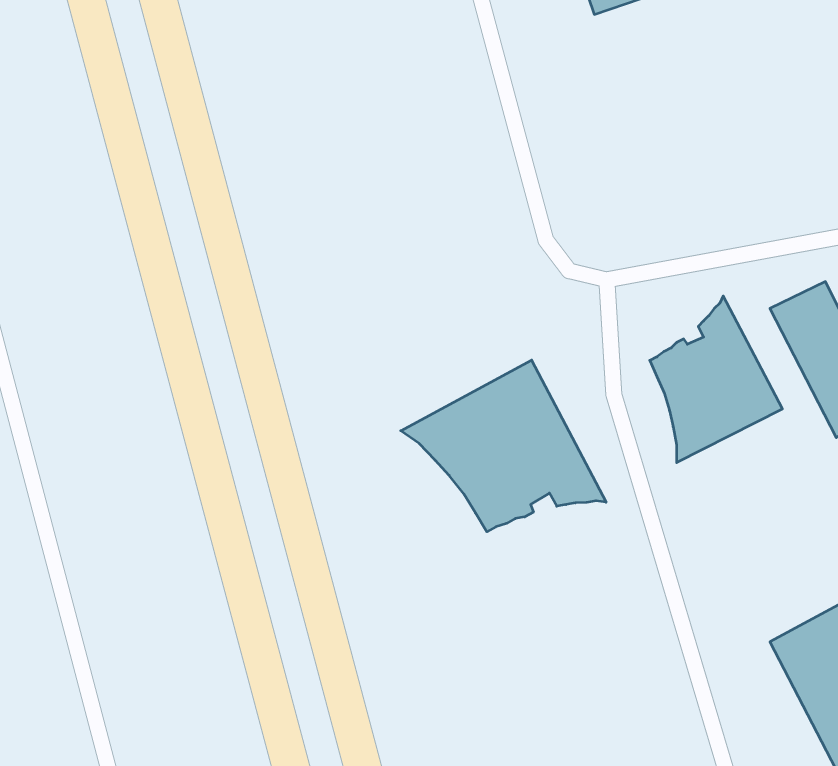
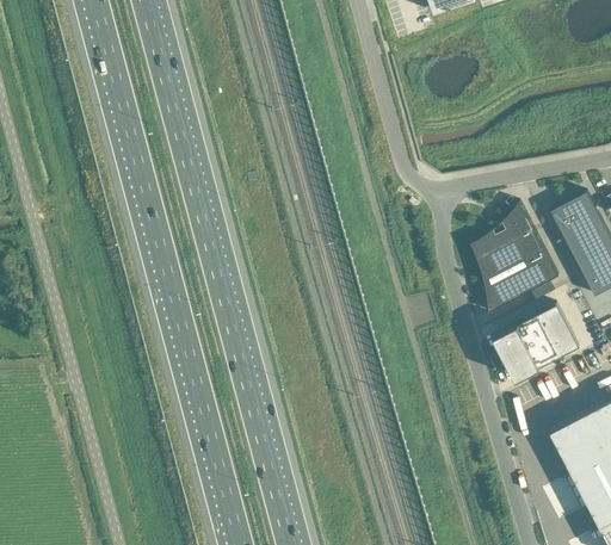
building: [401,360,606,532] -> none
building: none -> [493,303,579,379]

